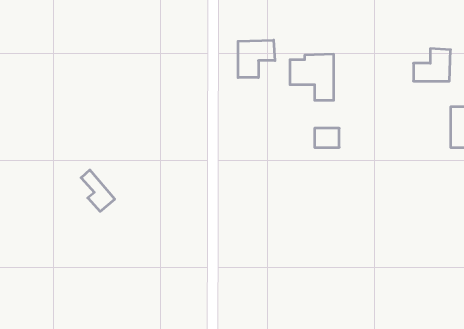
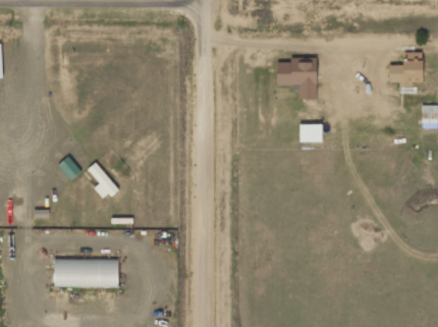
building: [238,40,275,78] -> none
building: none -> [54,258,118,287]

